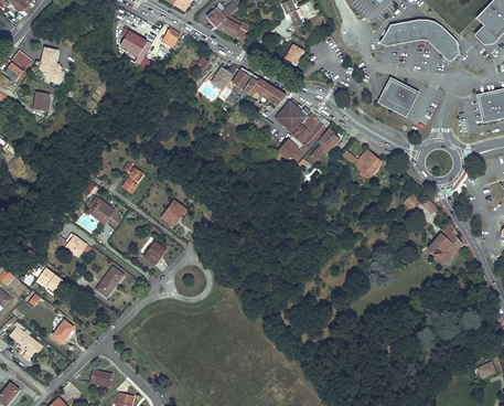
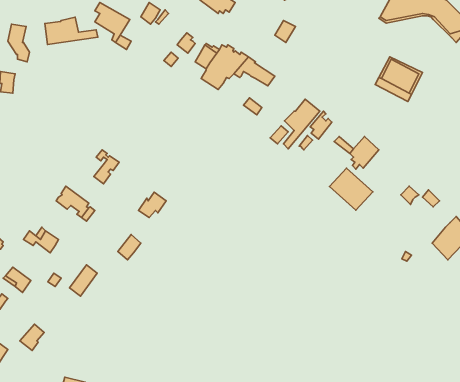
building: none -> [45,17,98,44]
building: [276,100,308,132] -> none
building: none -> [330,168,373,210]

